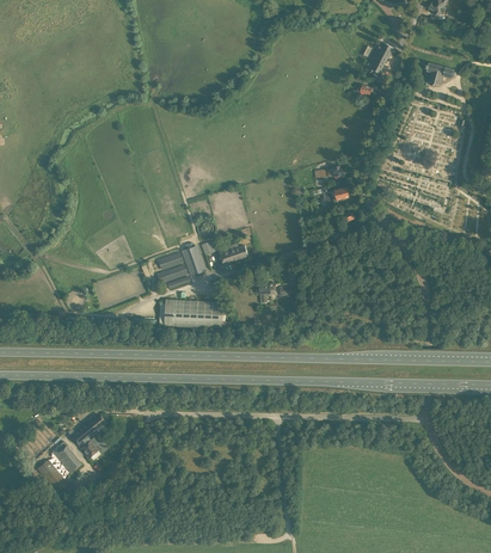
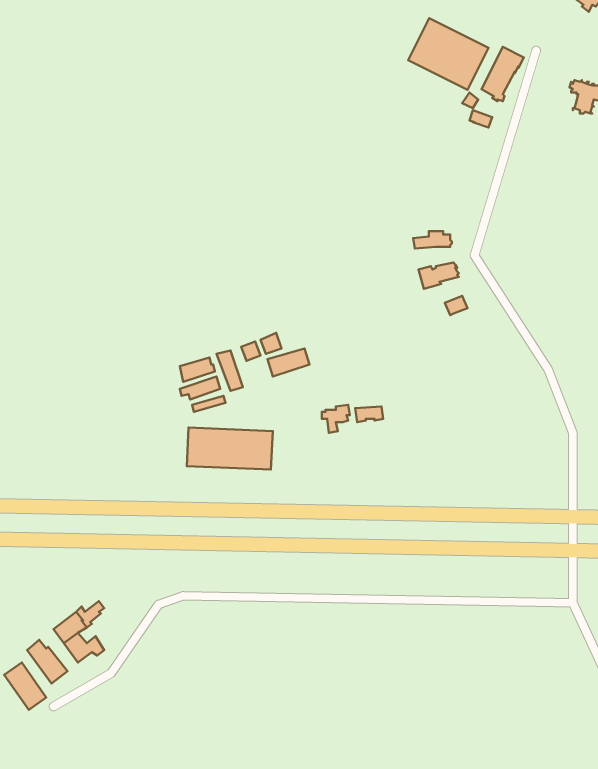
building: none -> [408,18,488,90]

